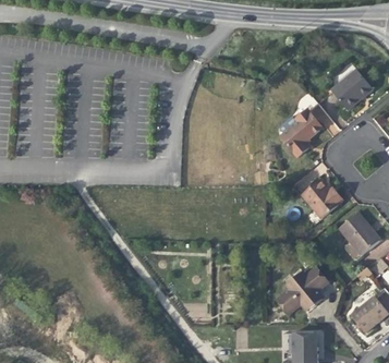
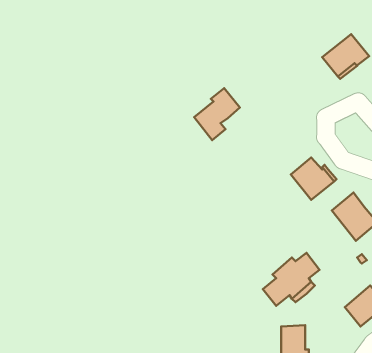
building: [280,109,321,156] -> [194,88,240,140]

